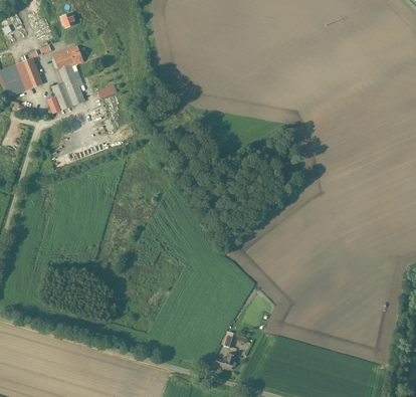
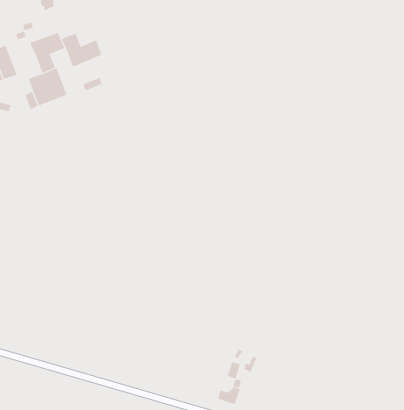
building: none -> [61,33,102,67]

